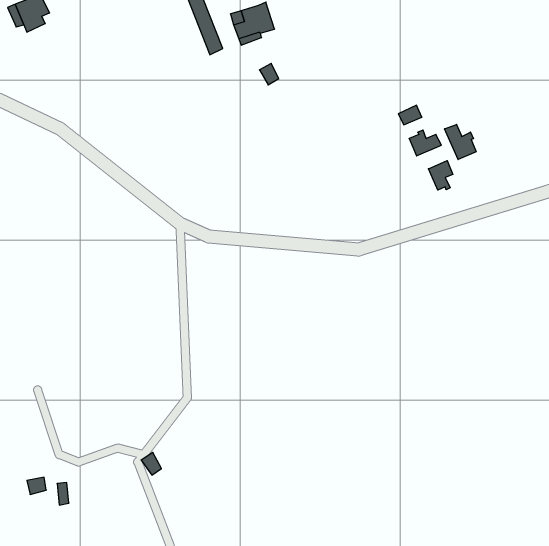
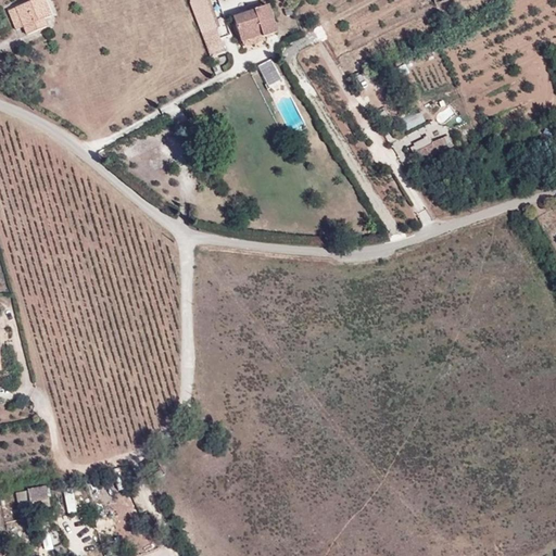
building: [445,124,476,160] -> none
building: [428,161,453,190] -> none

